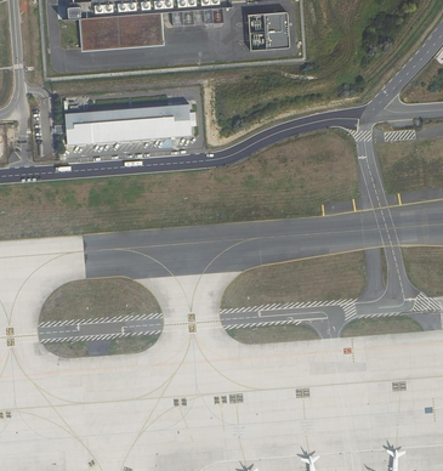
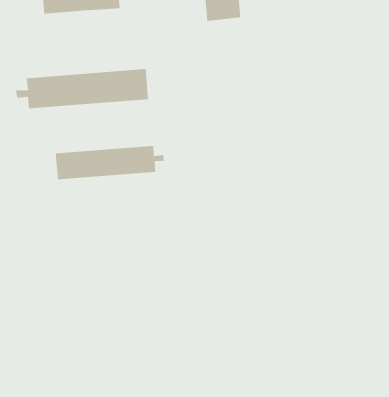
building: none -> [55,145,164,180]

